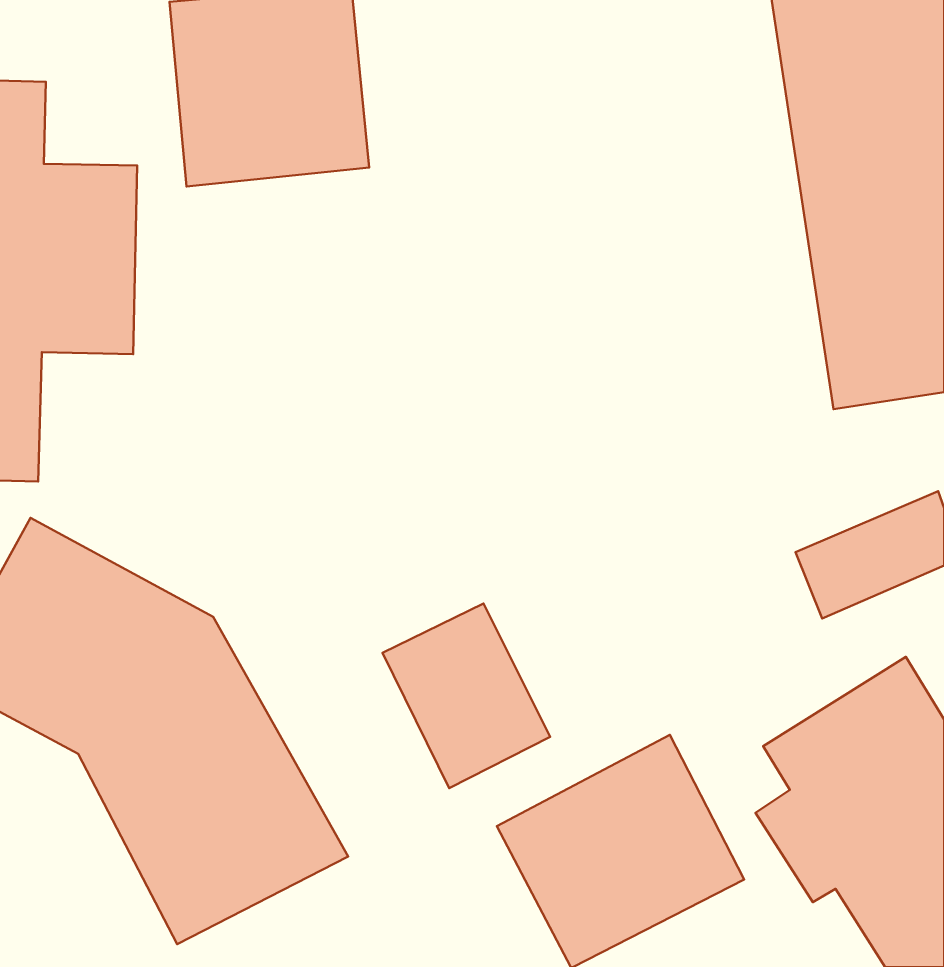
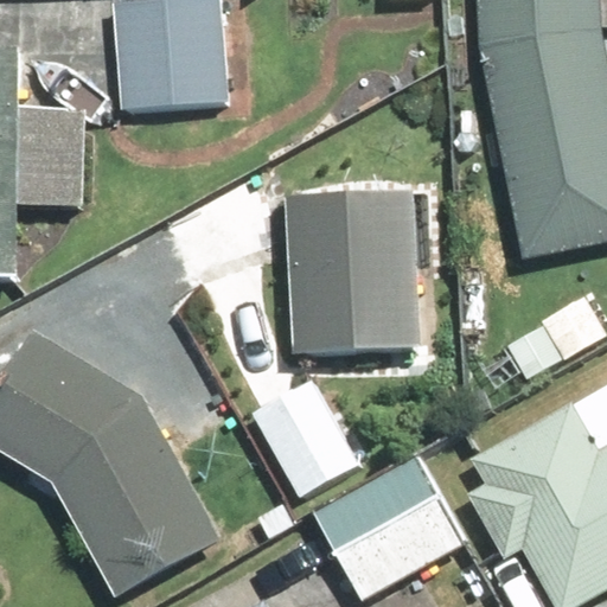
building: none -> [289,185,430,369]

